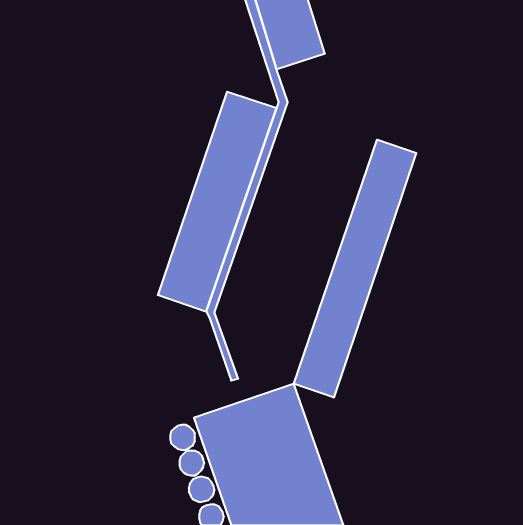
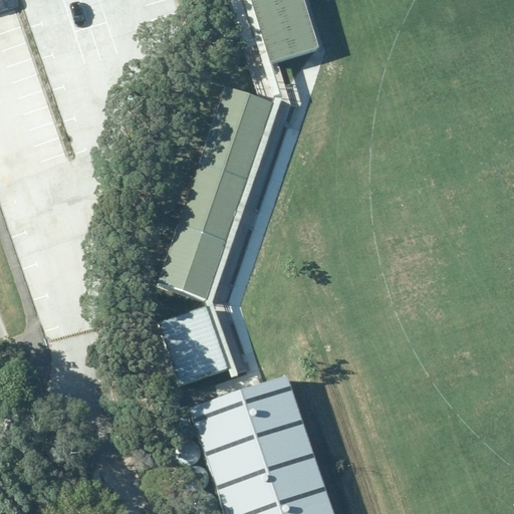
building: [294,140,416,398] -> none
building: none -> [158,309,229,388]

